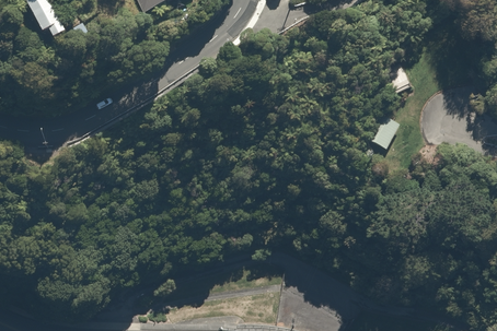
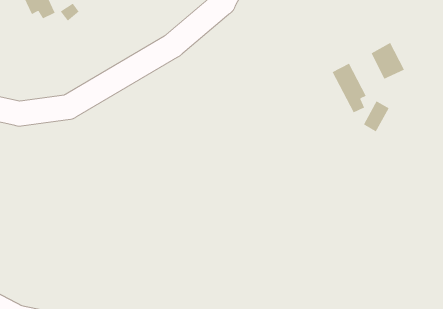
building: none -> [332,63,367,113]

